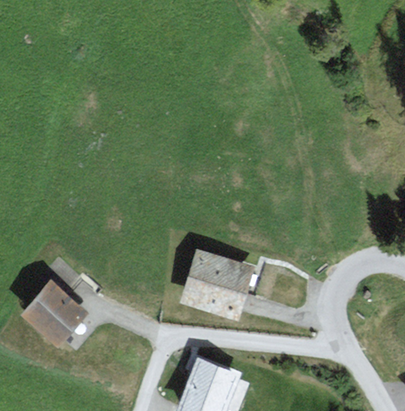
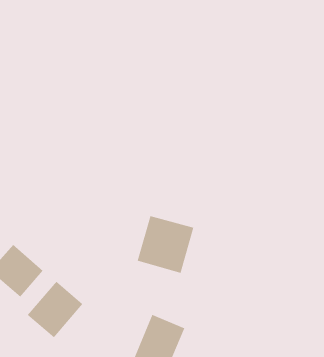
building: none -> [27,281,83,338]

